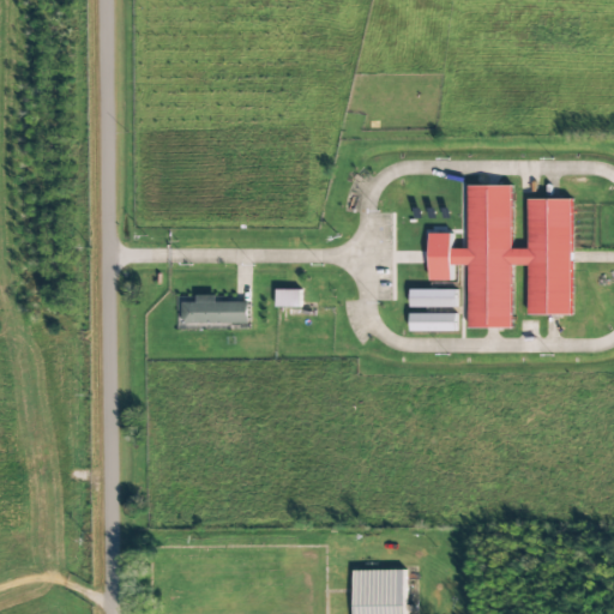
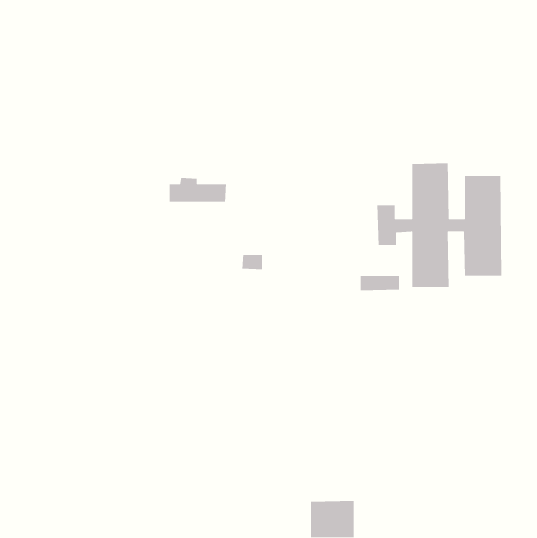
building: [410,289,455,307] -> none
building: [182,294,248,323] -> [169,177,227,202]

